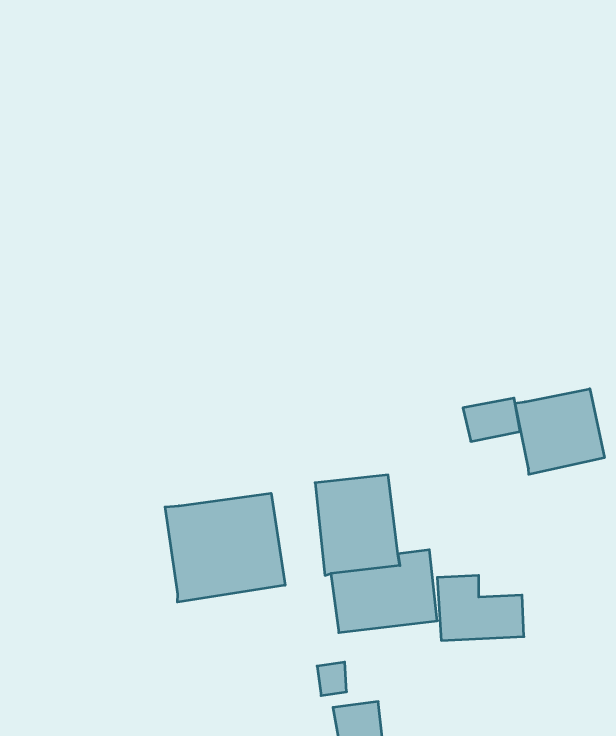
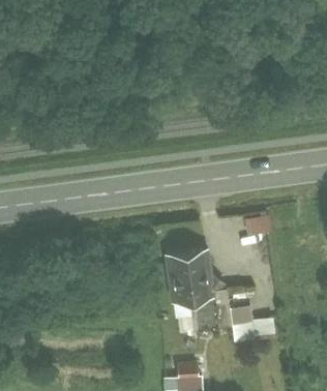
building: [515,389,604,474] -> none
building: [165,493,285,602] -> none

